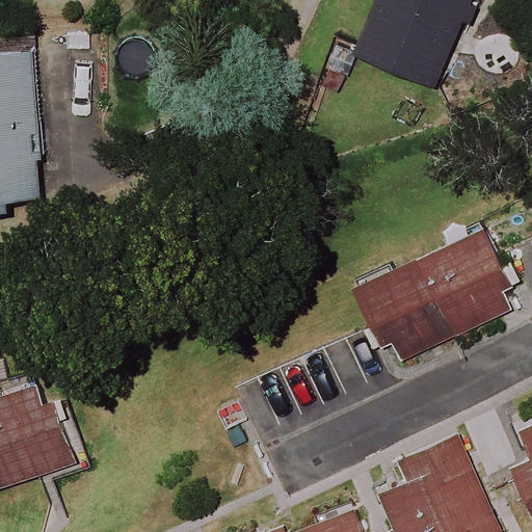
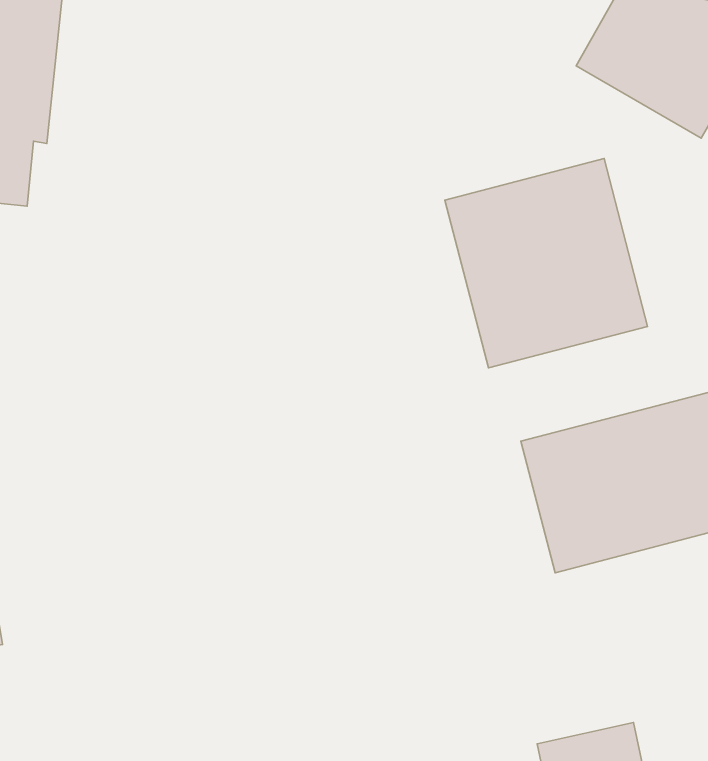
building: none -> [445,159,648,368]

